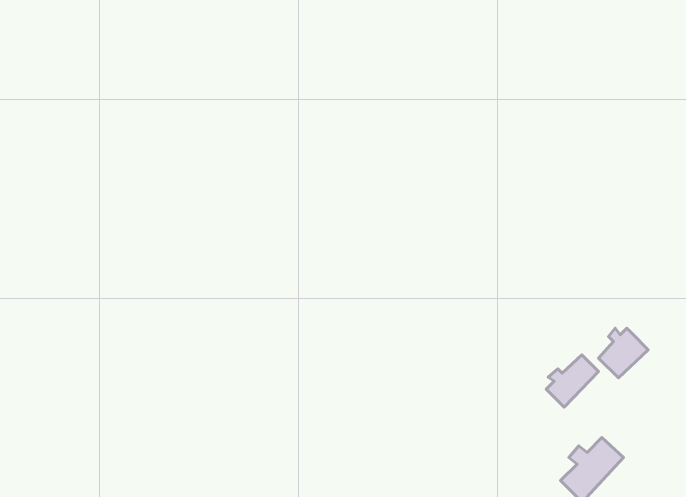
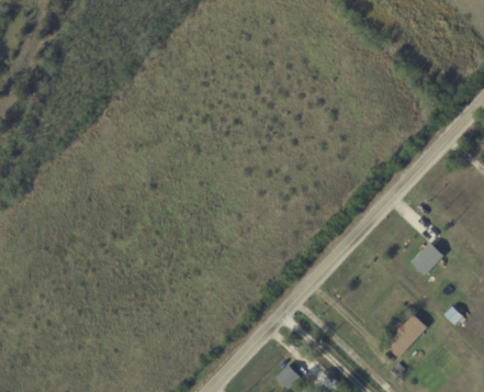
building: [546,355,598,407] -> none

